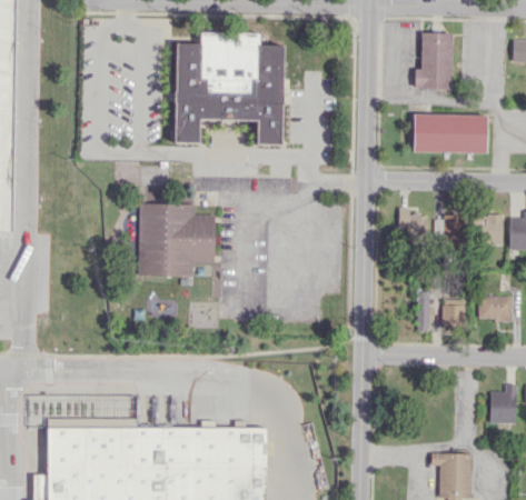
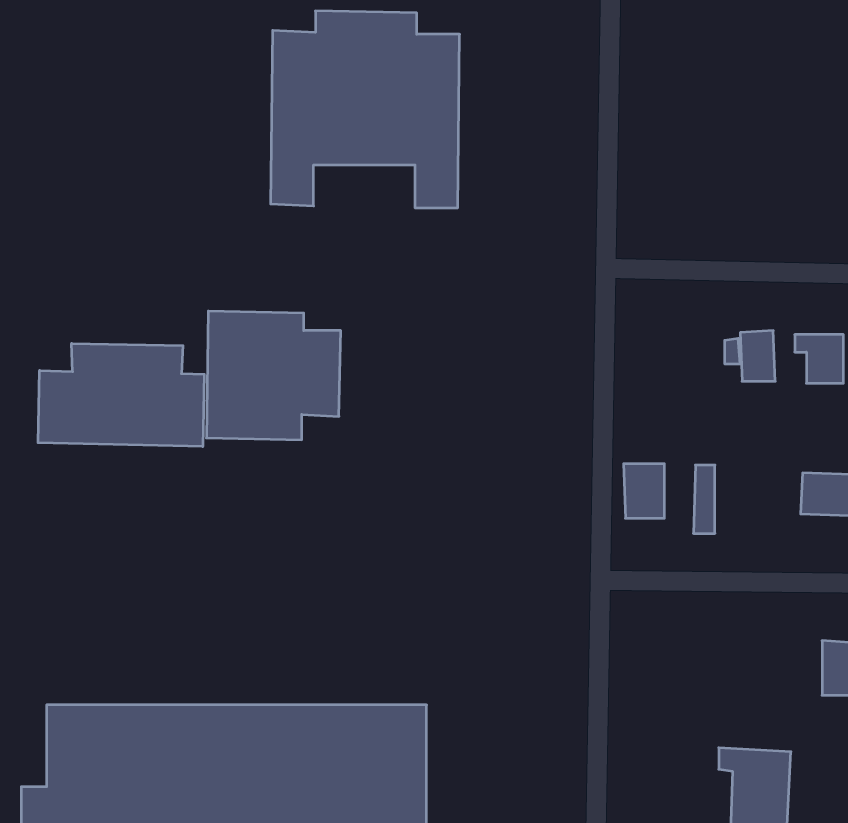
building: [415,32,453,90] -> none
building: [414,113,487,152] -> none
building: [399,211,428,243] -> none
building: none -> [38,343,204,447]
building: [441,300,465,331] -> [624,464,664,518]

